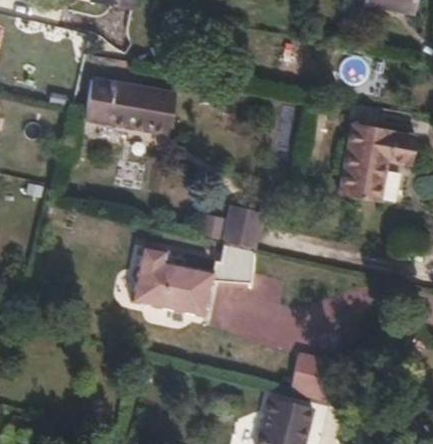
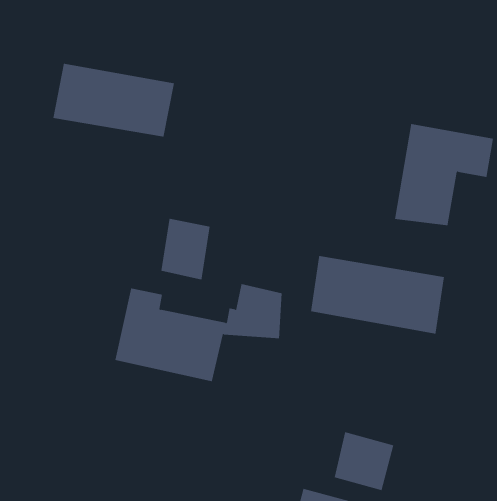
building: [225,203,262,250] -> [161,218,210,280]
building: none -> [310,255,445,334]

